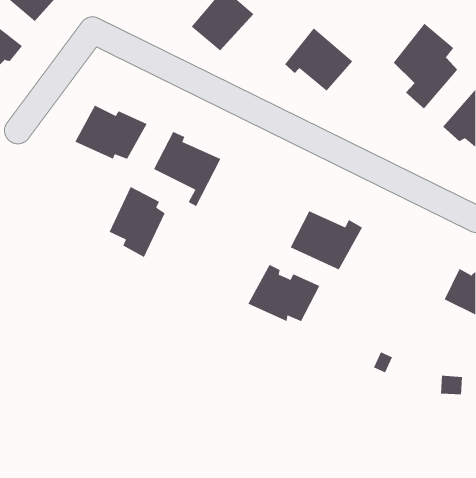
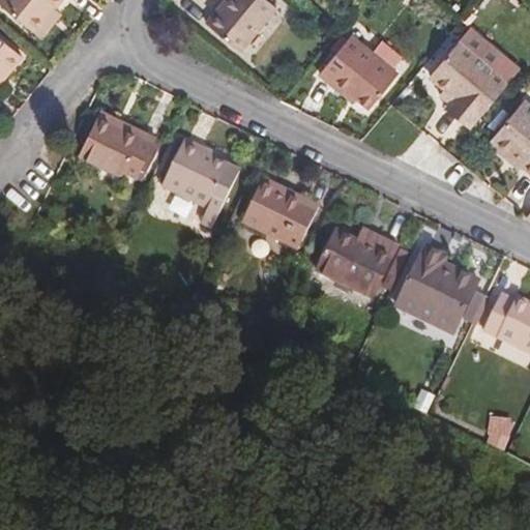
building: [109,186,165,258] -> none
building: none -> [399,247,481,334]
building: [248,264,320,322] -> [242,181,322,244]

